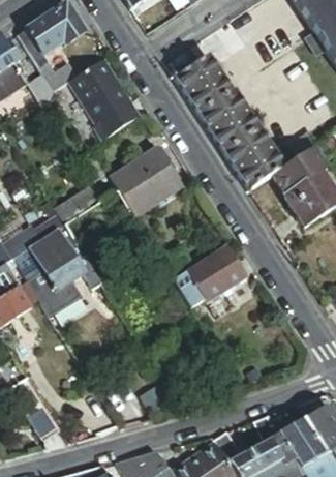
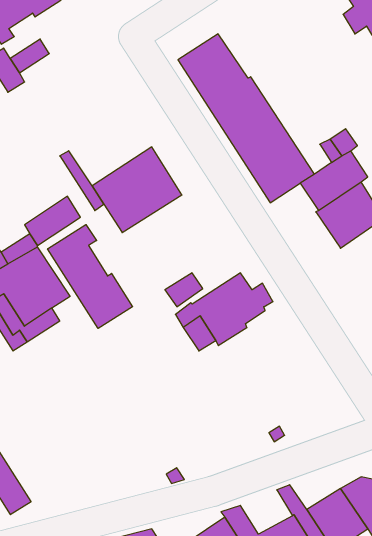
building: [68,59,140,141] -> none
building: none -> [48,225,133,328]

